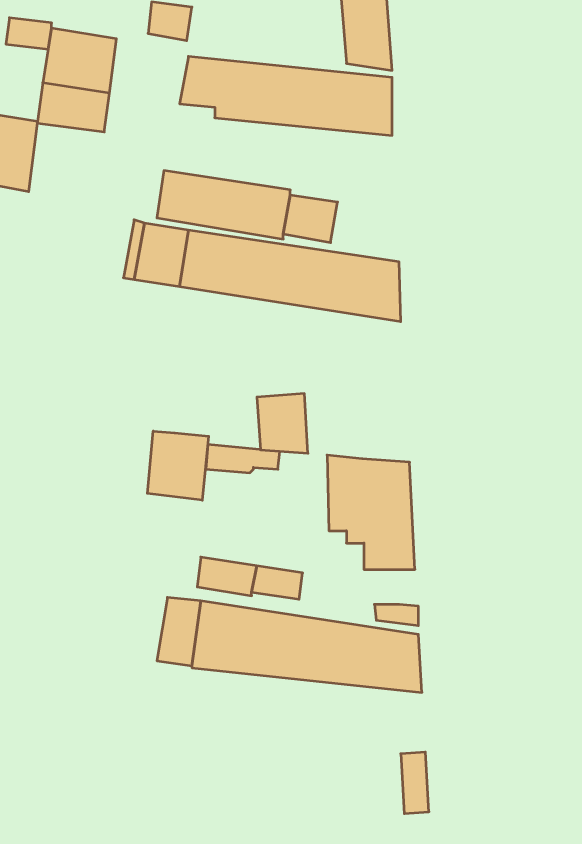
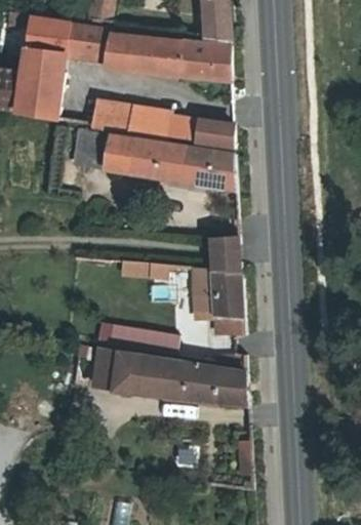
building: none -> [66,24,113,65]
building: none -> [18,73,63,120]
building: none -> [195,119,235,149]
building: [257,394,308,453] -> [211,236,241,271]
building: [147,431,209,500] -> none

